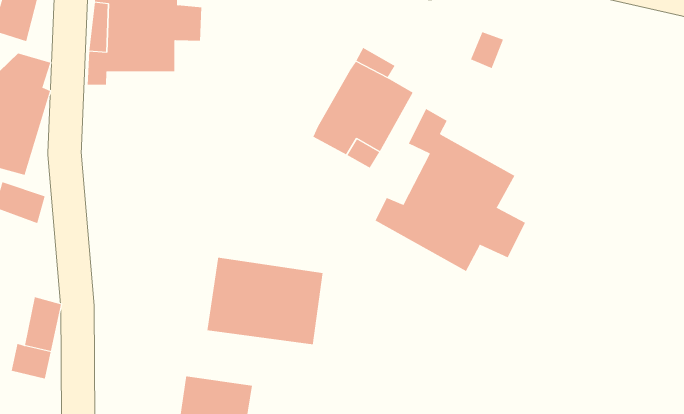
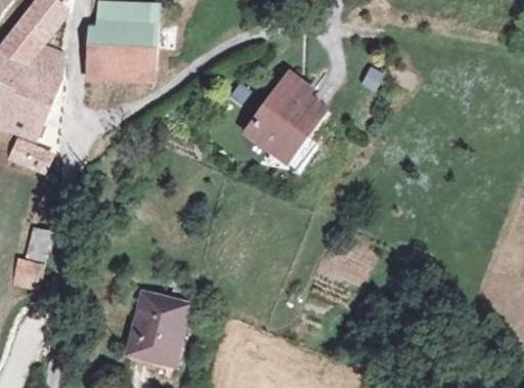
building: [375,108,526,272] -> none
building: [207,257,323,345] -> none

